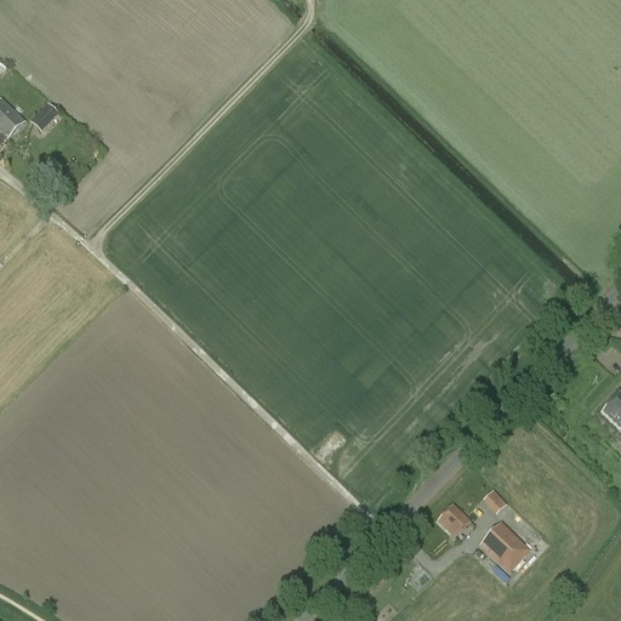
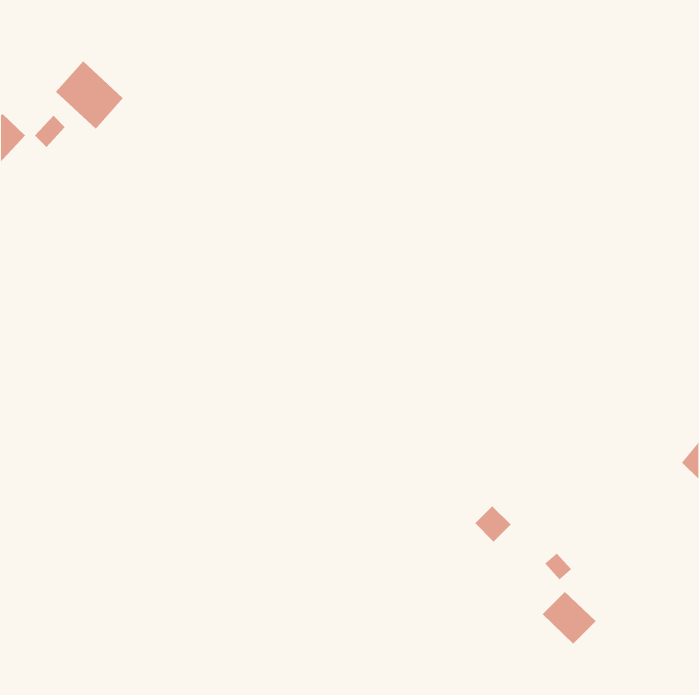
building: none -> [55,60,124,129]
building: [438,503,471,536] -> [474,505,511,542]

